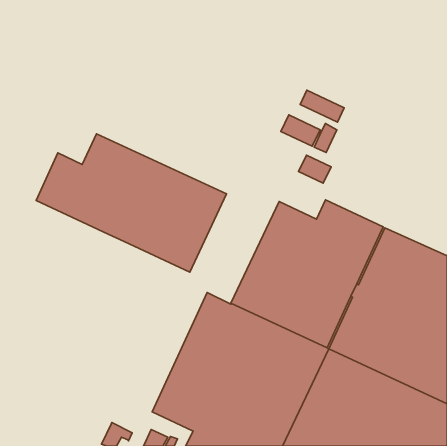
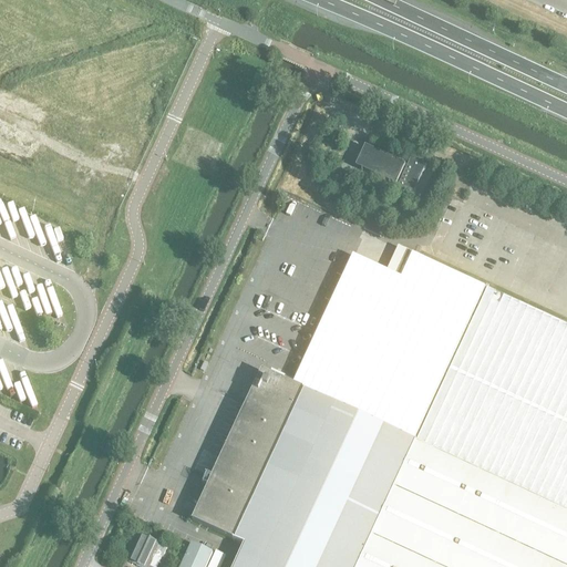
building: [300,90,344,122] -> none
building: [36,134,226,272] -> none
building: [299,155,331,183] -> none

